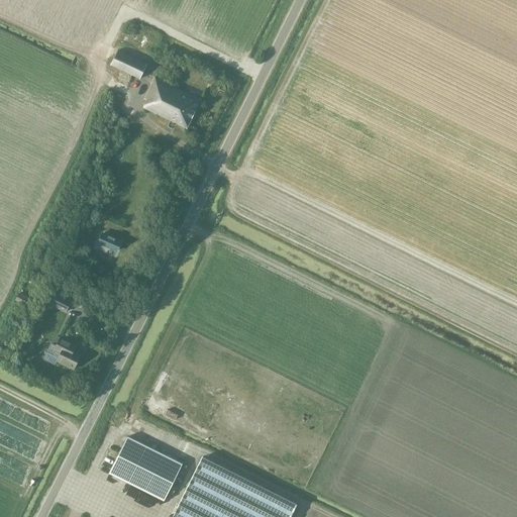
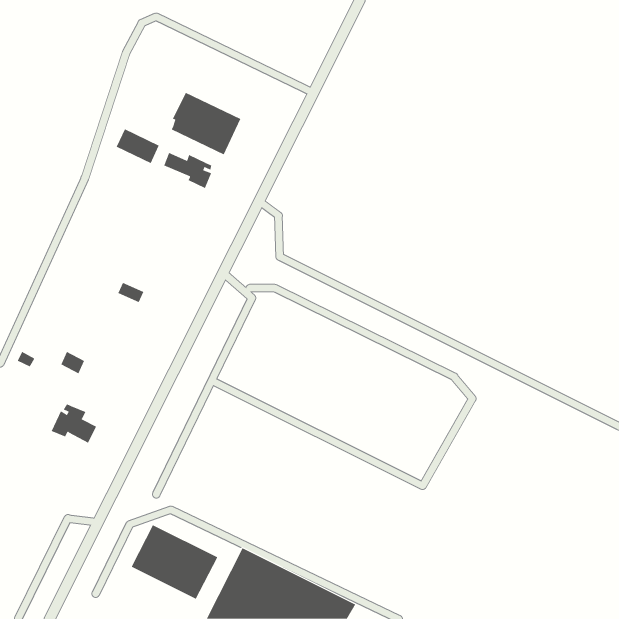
building: [110,50,146,80] -> [116,129,159,164]
building: none -> [164,152,212,189]

